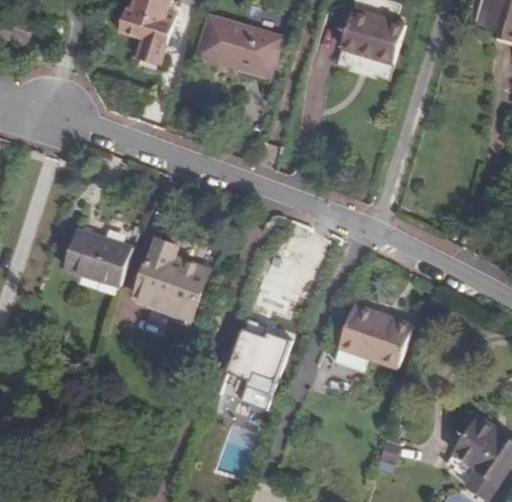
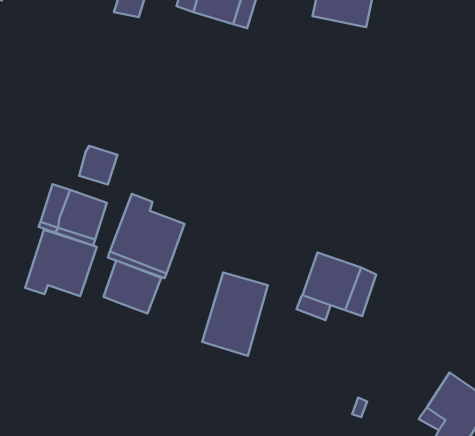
building: none -> [79,146,117,185]
building: none -> [25,230,97,296]
building: none -> [103,260,161,314]

